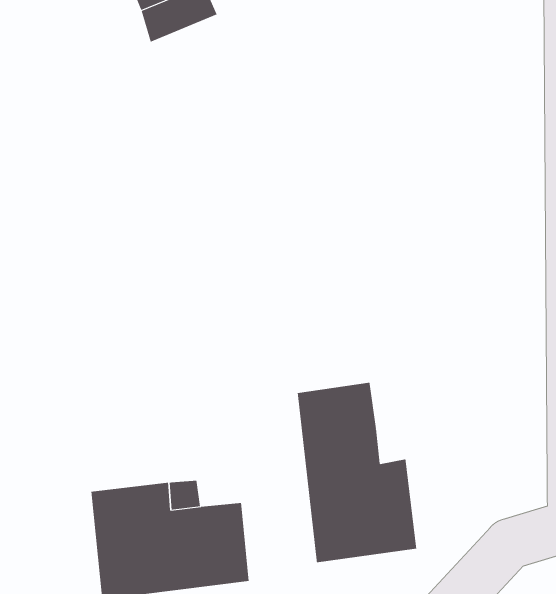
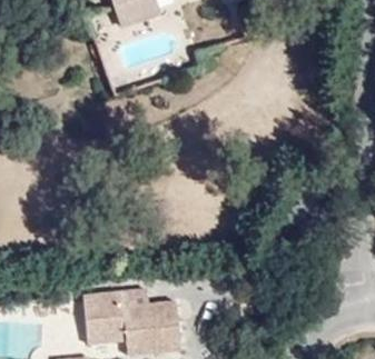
building: [297,382,417,563] -> none

